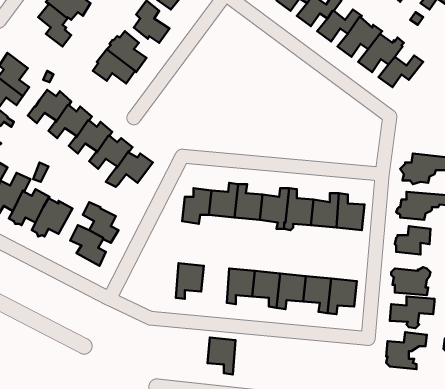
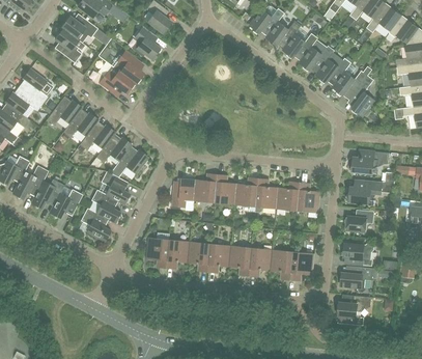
building: none -> [351,75,375,116]
building: none -> [101,170,130,203]
building: none -> [146,237,169,267]
building: [207,338,235,375] -> [188,241,210,271]

